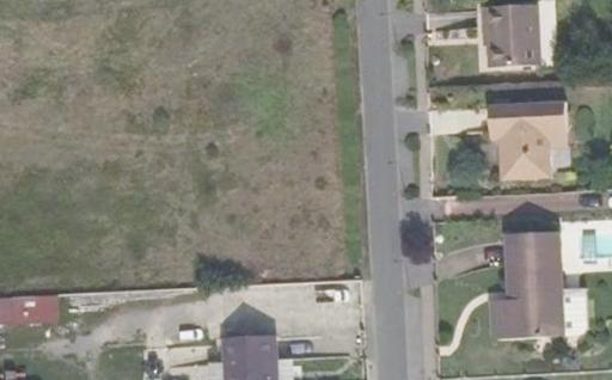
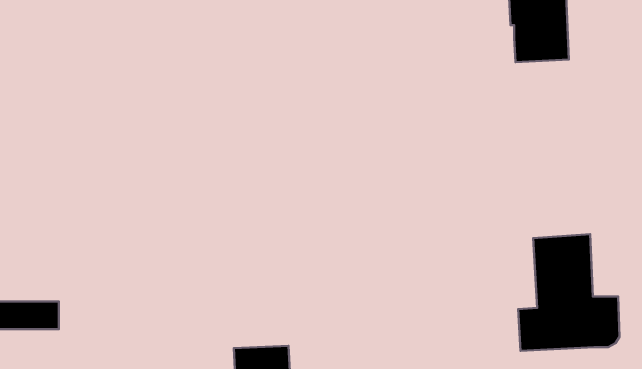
building: [489,100,568,180] -> none

